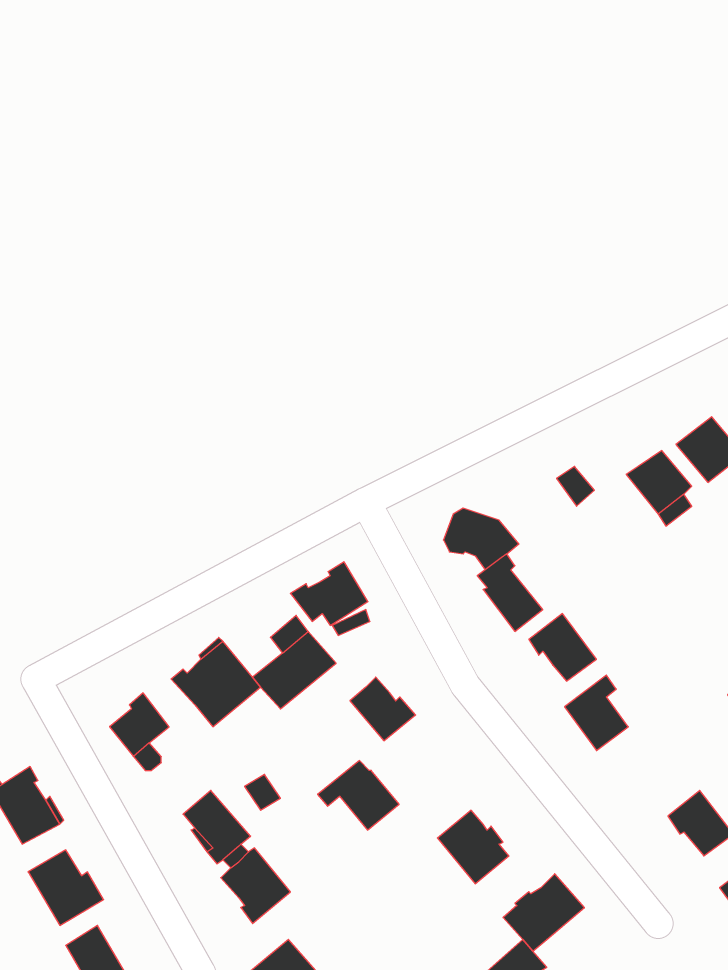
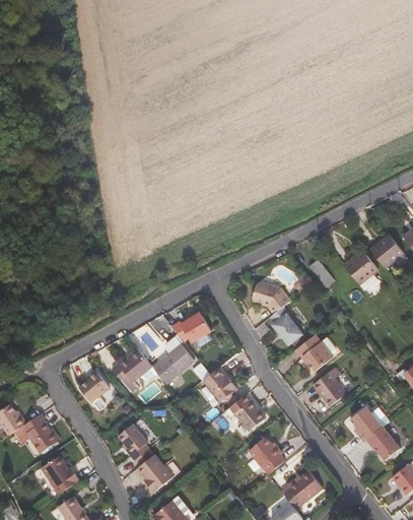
building: none -> [350,405,388,440]
building: [318,761,399,830] -> [222,394,264,430]

